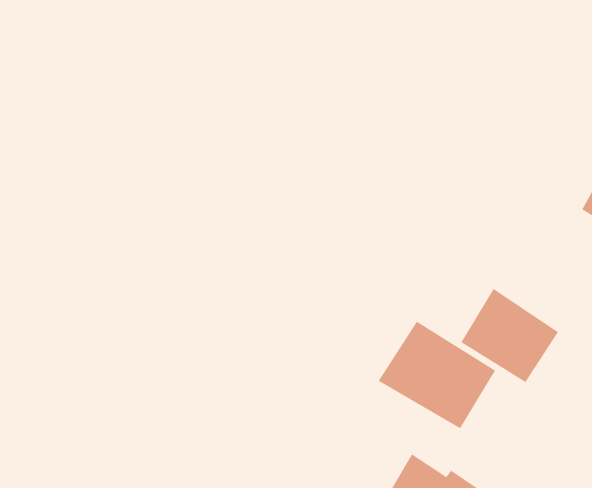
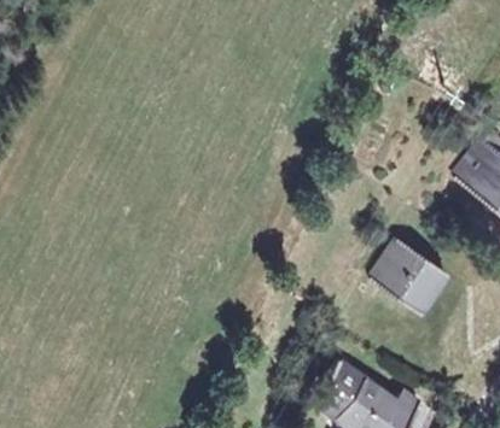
building: [378,321,496,429] -> none

